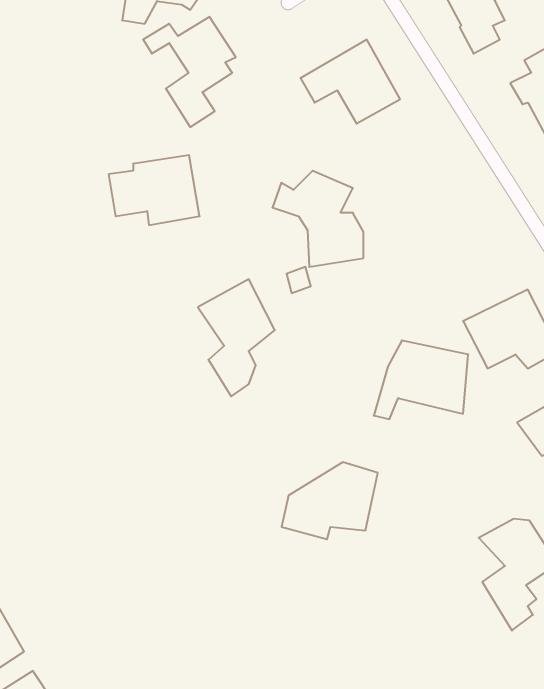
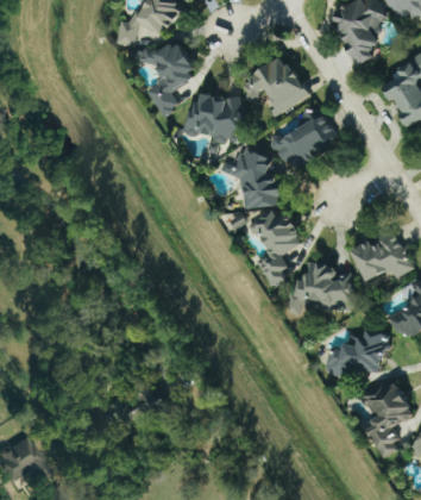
building: none -> [268,95,340,171]
building: [109,155,200,225] -> [184,94,246,142]
building: [198,279,275,396] -> [250,207,302,287]
building: [282,462,378,539] -> [326,329,391,381]

